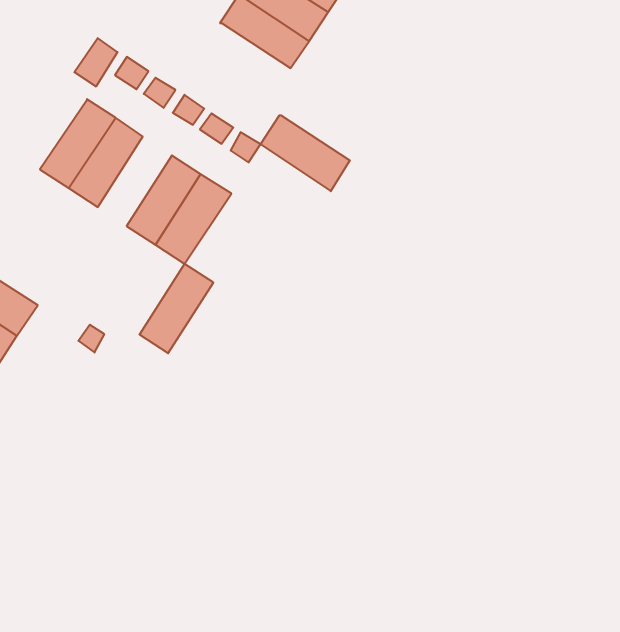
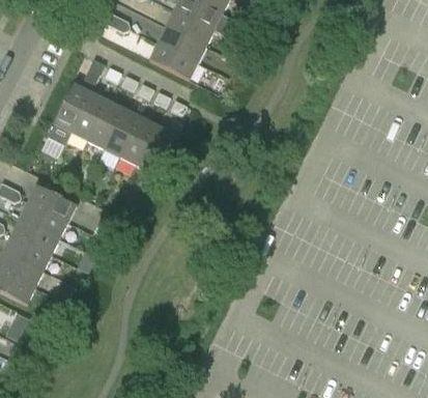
building: none -> [53,83,90,132]
building: [260,115,350,191] -> [148,42,197,80]
building: [139,264,213,353] -> [103,108,139,157]

